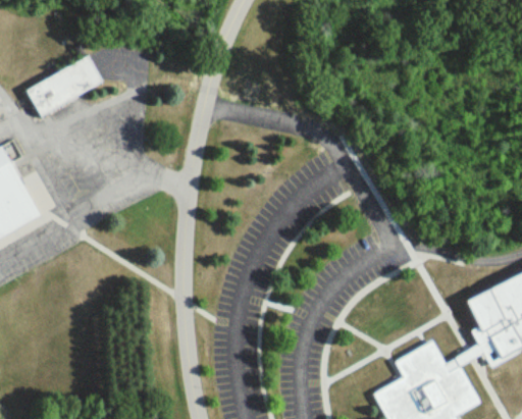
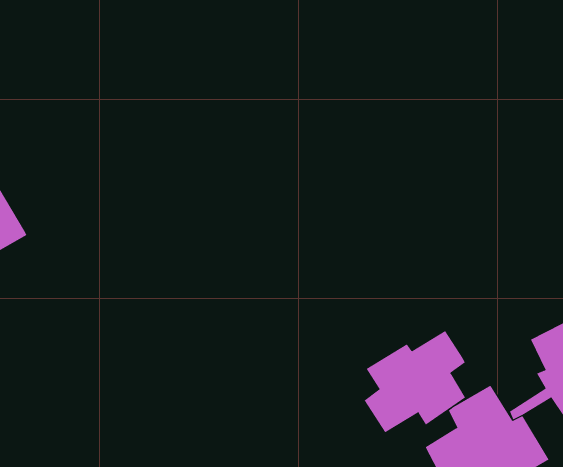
building: [29,56,103,116] -> none
building: none -> [364,330,466,433]

